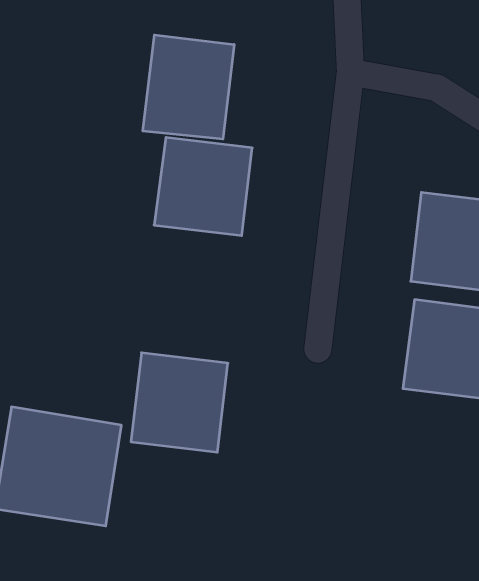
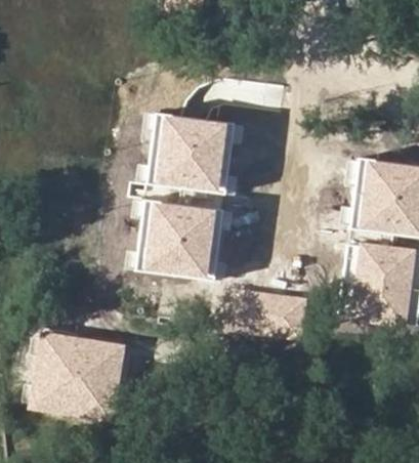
building: [143,35,234,139] -> none
building: [131,353,228,452] -> [138,202,214,280]

